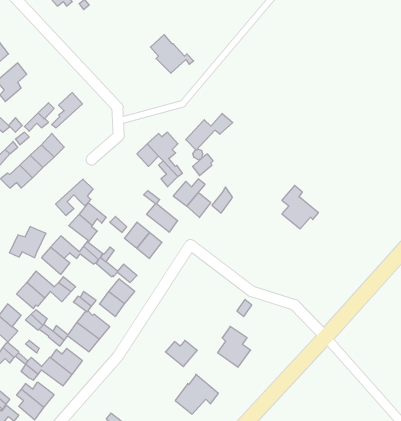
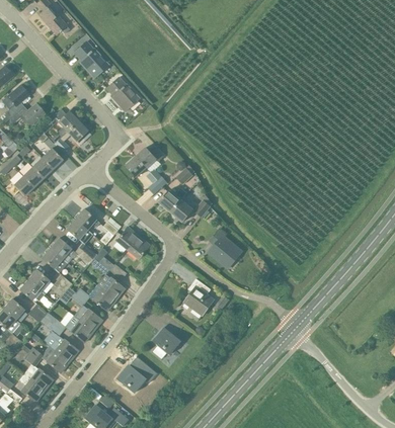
building: none -> [74,40,108,77]
building: [150,35,194,73] -> [106,76,145,110]
building: none -> [9,103,45,125]
building: [186,113,233,150] -> none
building: [56,179,93,215] -> [54,120,87,153]
building: [282,185,318,229] -> [209,227,241,265]
building: [144,191,178,232] -> none
building: [10,226,46,258] -> none
building: [218,326,251,367] -> [184,278,214,315]
building: [175,374,218,414] -> [117,356,156,392]

